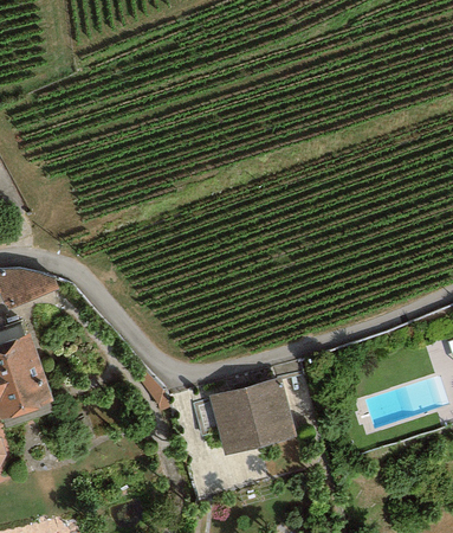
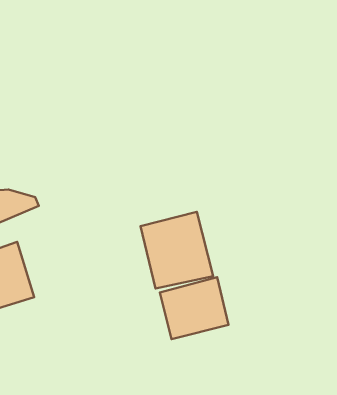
building: none -> [140,212,213,289]

